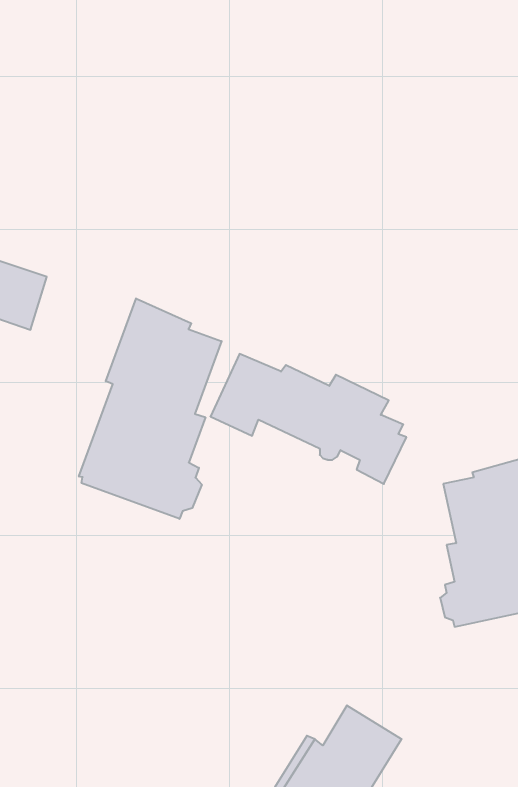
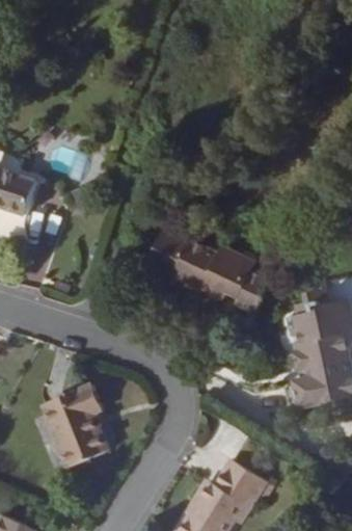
building: [79,298,222,519] -> none
building: none -> [42,383,108,468]

